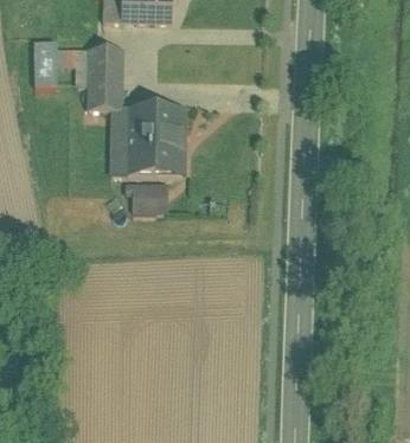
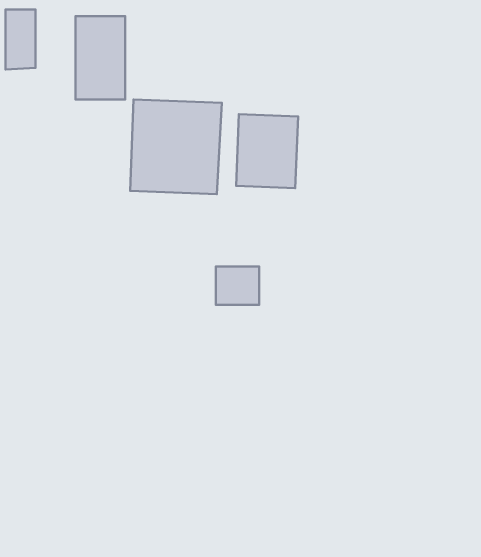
building: none -> [236,114,298,188]
building: [135,184,166,211] -> [216,266,259,305]

